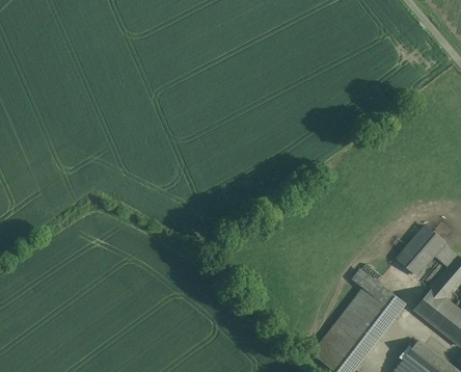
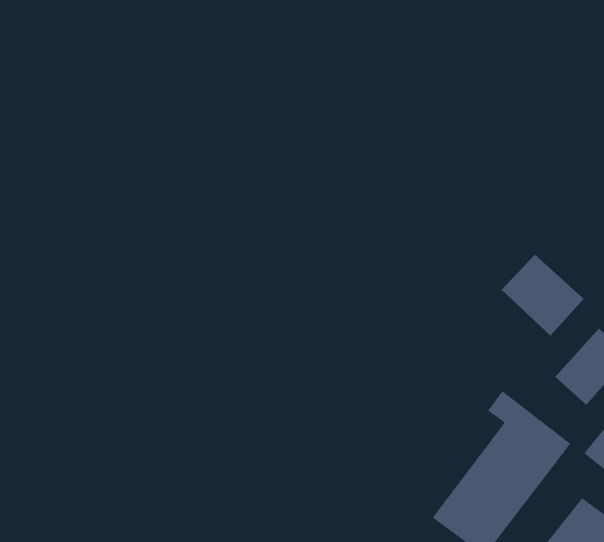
building: none -> [501,254,585,337]

